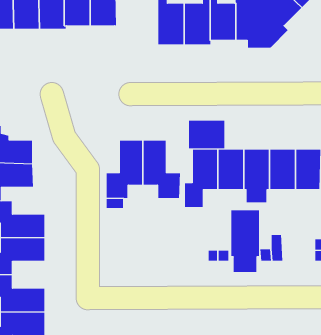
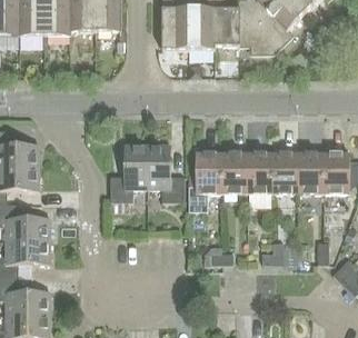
building: [188,120,225,149] -> none
building: [231,210,259,273] -> none

